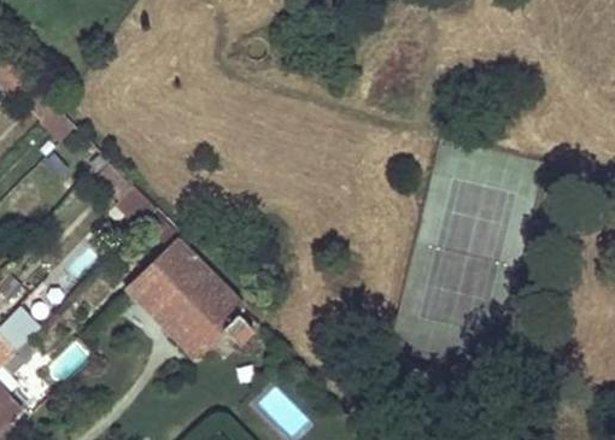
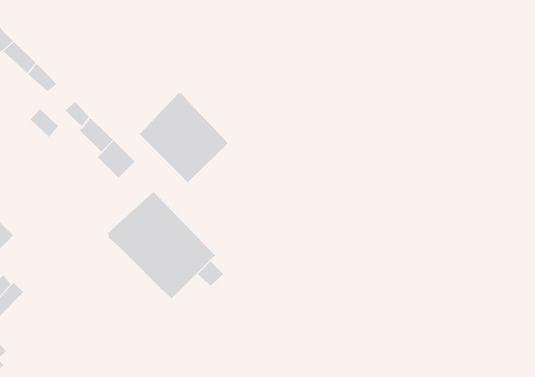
building: none -> [139,93,229,184]

